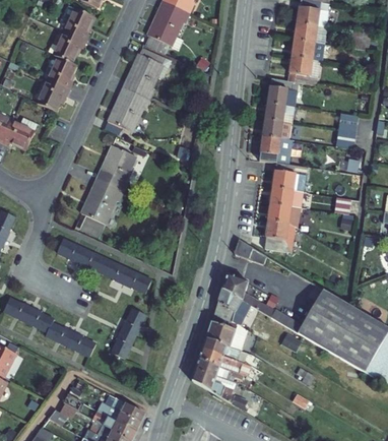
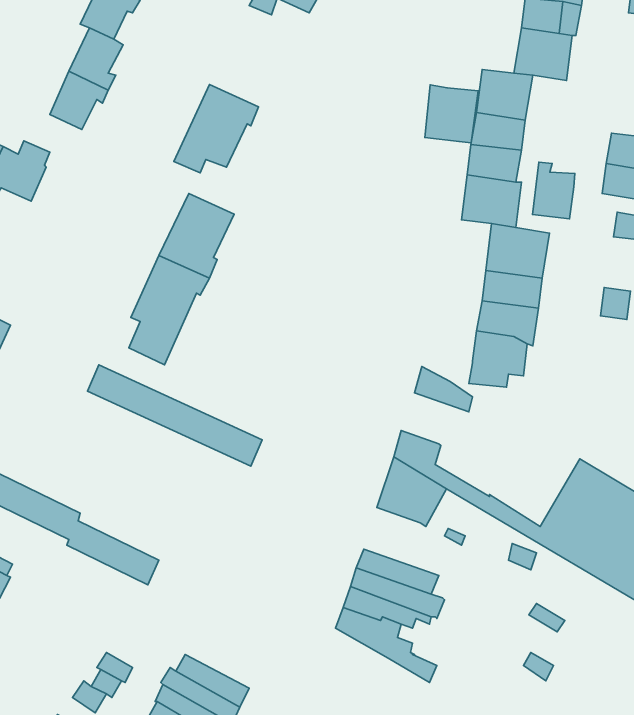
building: [123,47,171,99] -> none
building: none -> [425,85,478,143]
building: none -> [532,162,575,219]
building: [111,308,145,358] -> none
building: [206,315,247,350] -> none

